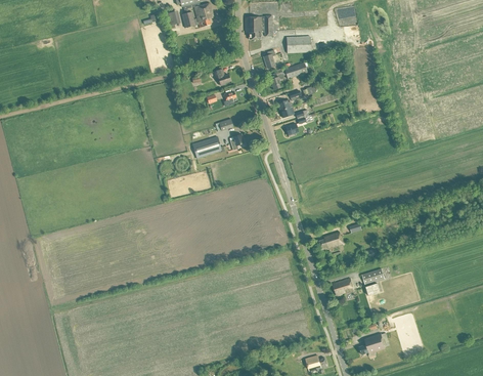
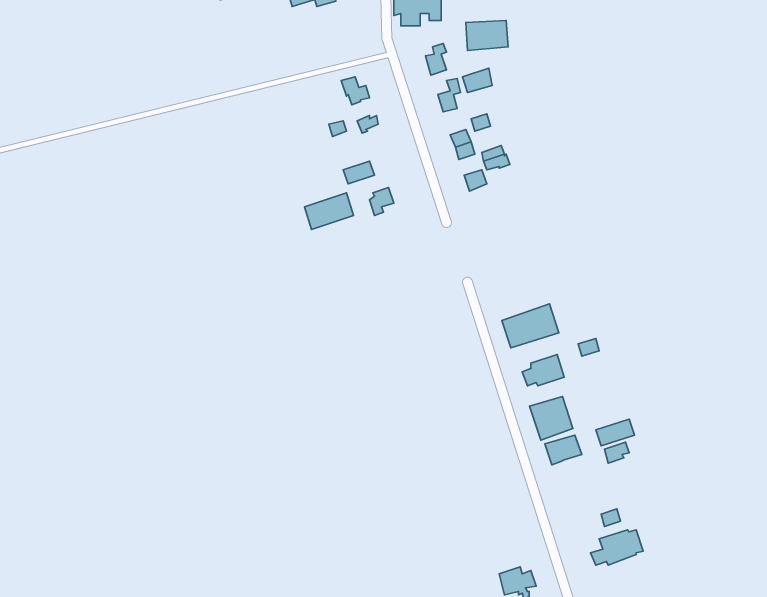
building: none -> [502,304,559,348]
building: none -> [529,396,573,440]

